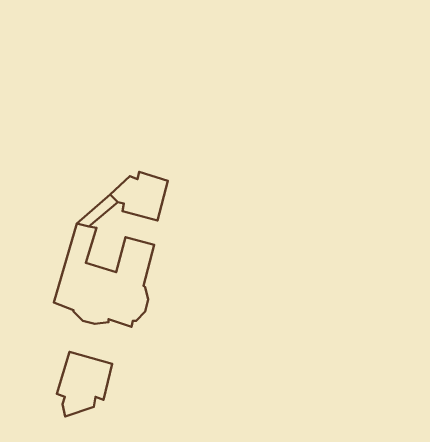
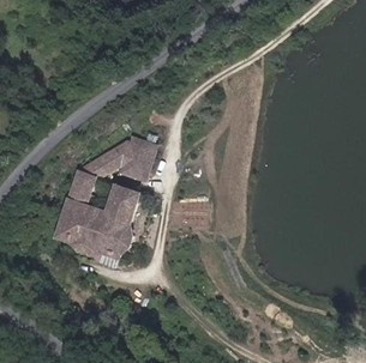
building: [57,352,112,417] -> none

